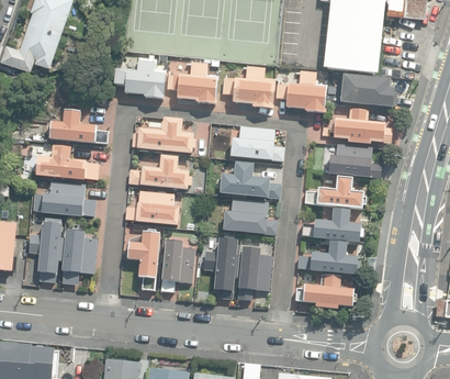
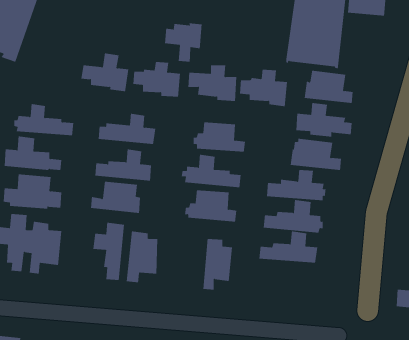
building: none -> [165,22,202,62]
building: [205,237,240,299] -> none
building: [295,274,353,308] -> none

